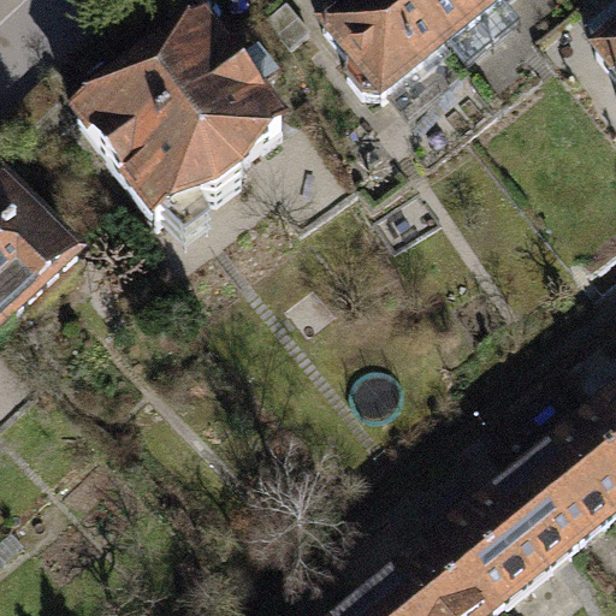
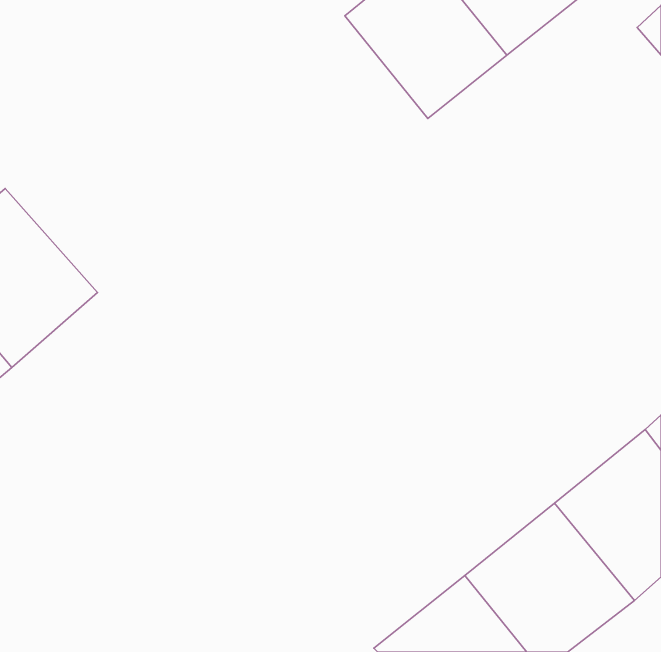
building: [73,19,309,249] -> none

